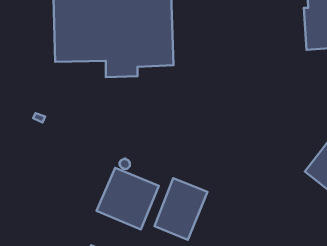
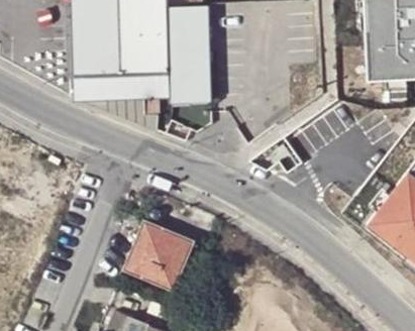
building: [154,178,208,240] -> none

